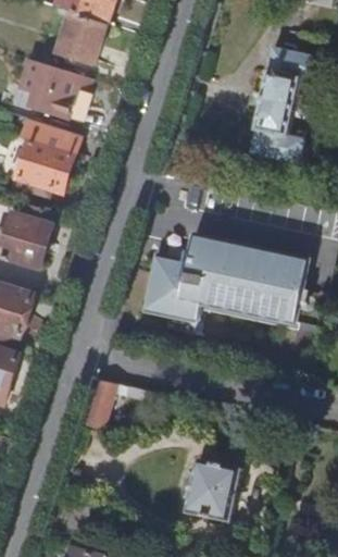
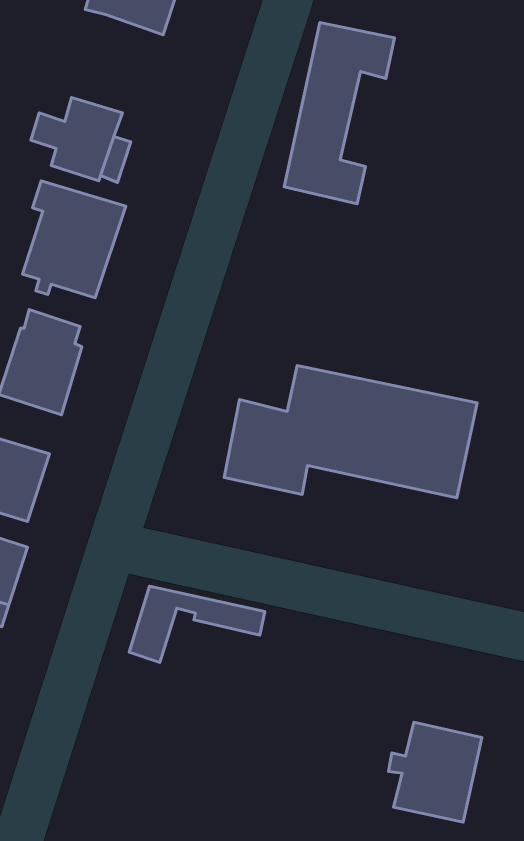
building: [55,13,105,66] -> none
building: [248,48,318,164] -> [284,22,394,204]
building: [179,459,239,523] -> [389,722,482,822]

